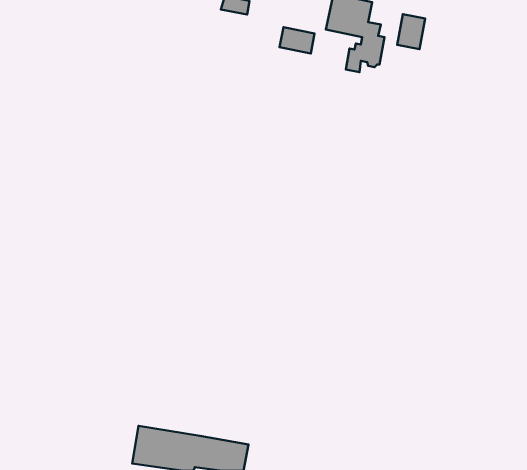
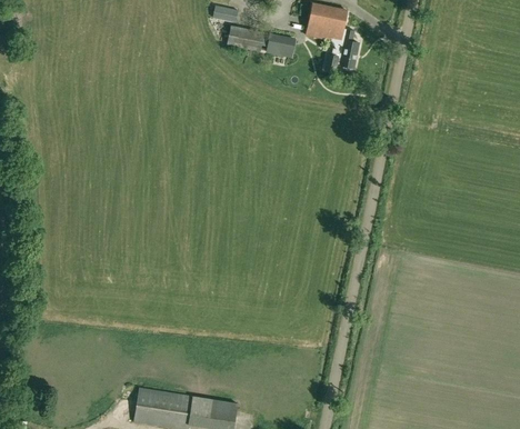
building: [397,14,425,49] -> none
building: none -> [227,26,264,51]

